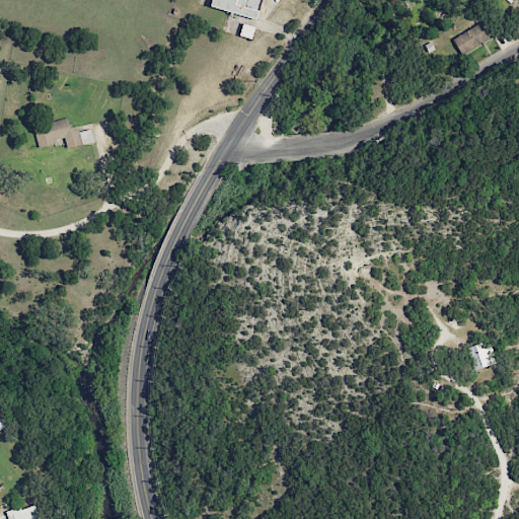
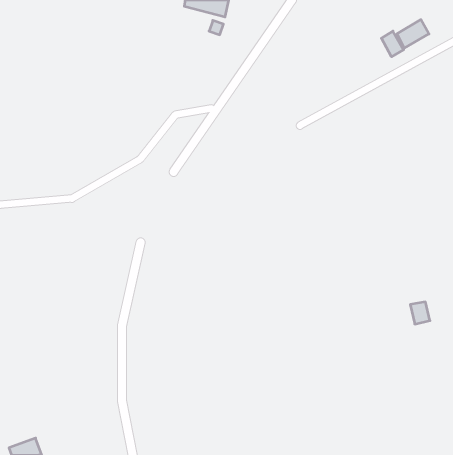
building: none -> [381,31,404,57]
building: [34,119,95,148] -> none

